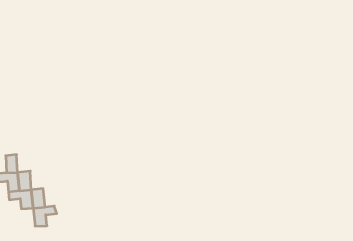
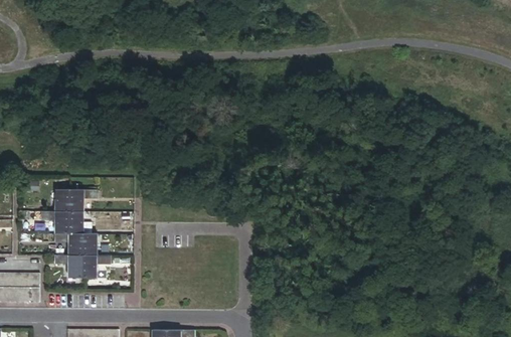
building: none -> [67,190,94,211]
building: none -> [53,255,81,277]

